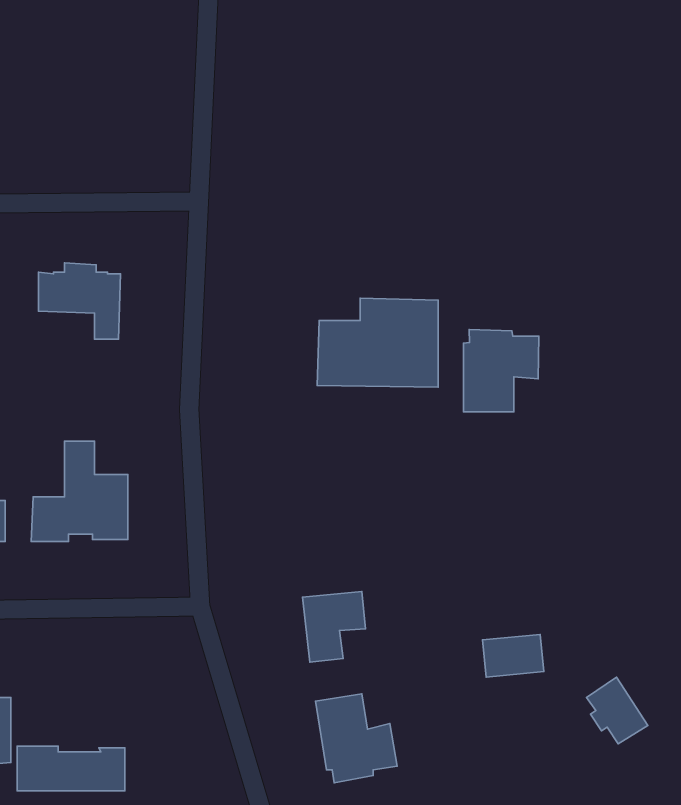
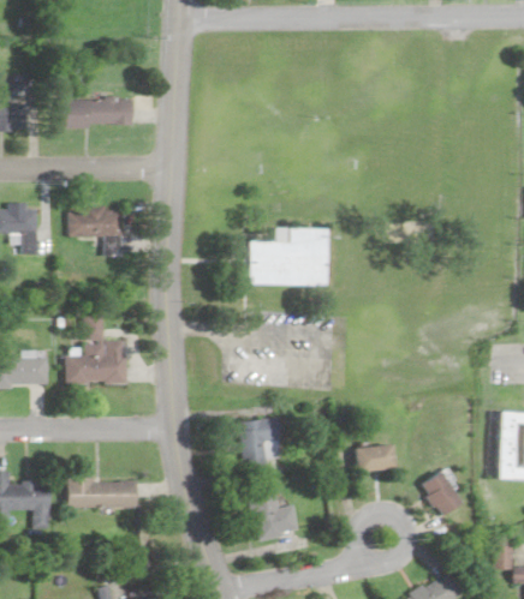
building: none -> [55,100,127,127]
building: [463,329,539,412] -> none
building: [17,746,125,791] -> [67,479,137,508]

